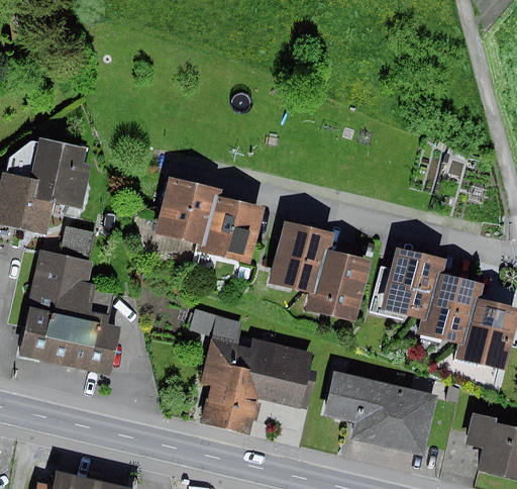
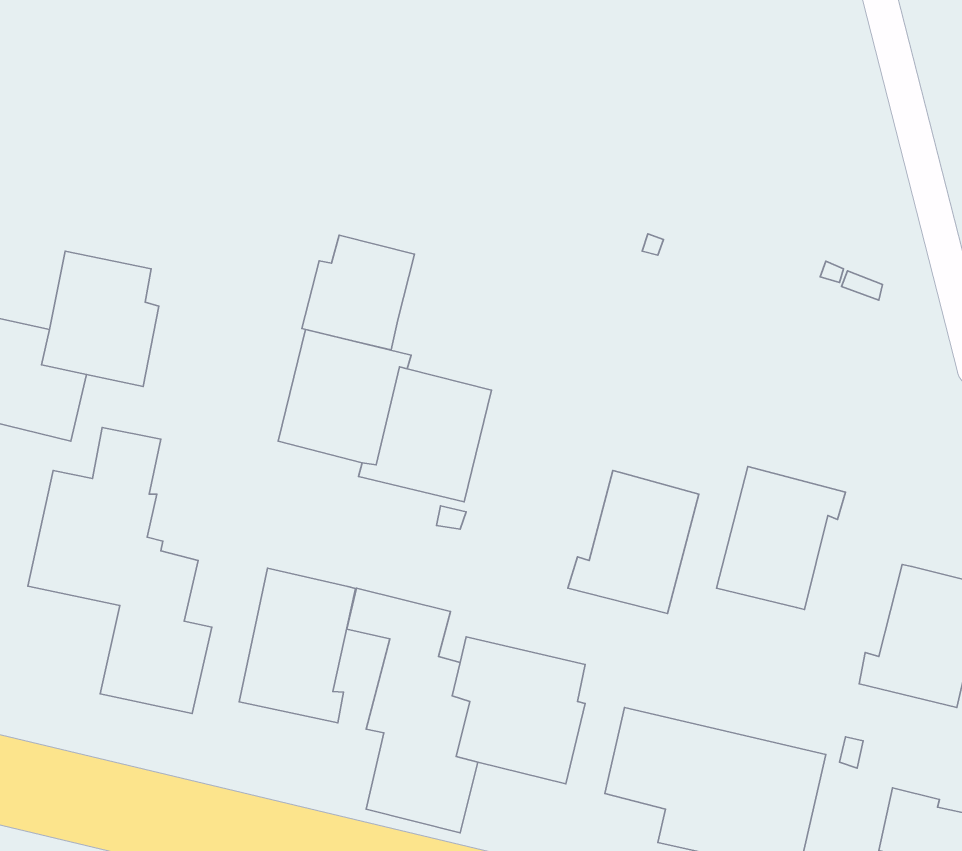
building: none -> [302,235,415,350]
building: [269,219,335,295] -> none
building: [418,272,485,345] -> none
building: none -> [239,568,356,723]
building: [15,308,73,364] -> none

